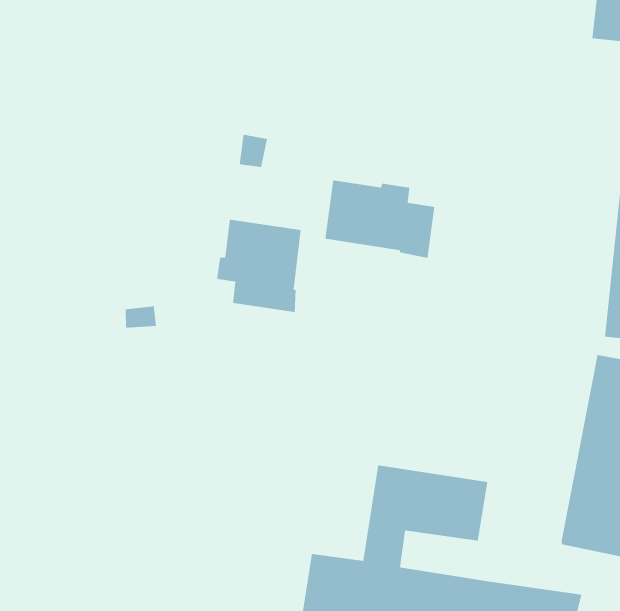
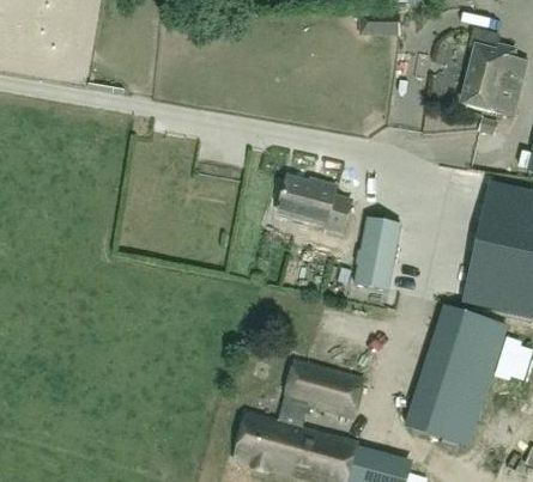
building: [216,219,301,313] -> none
building: none -> [355,216,401,291]

